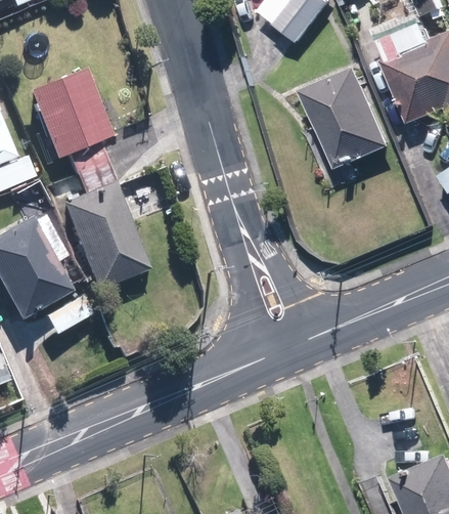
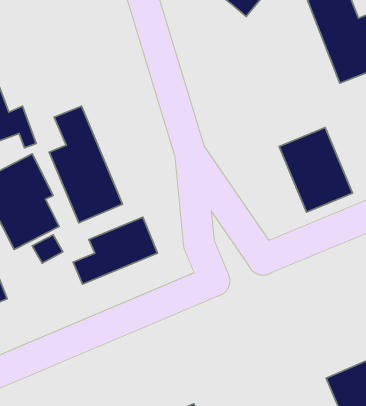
building: [25,66,111,161] -> none
building: [302,67,390,168] -> [279,128,352,212]
building: none -> [73,217,157,284]

